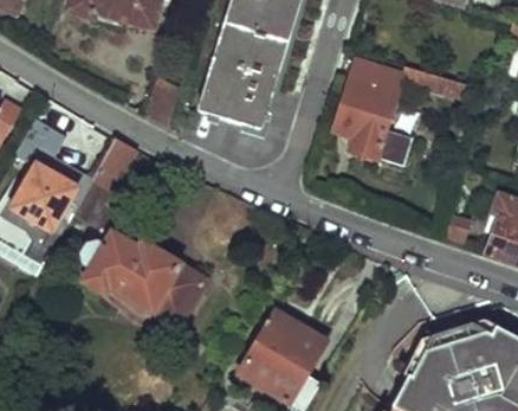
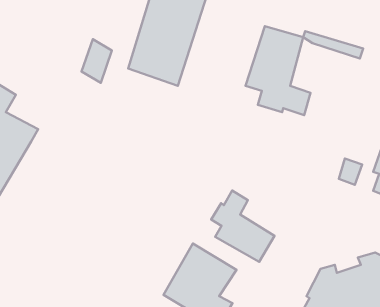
building: [71,140,206,328] -> none
building: none -> [211,190,275,262]

